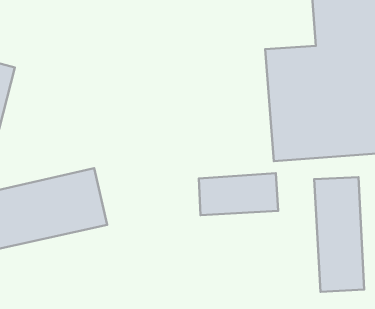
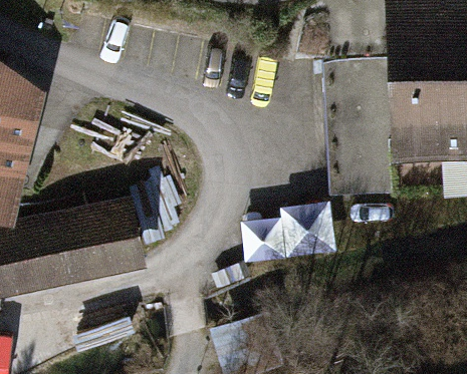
building: [314,177,364,292] -> none

